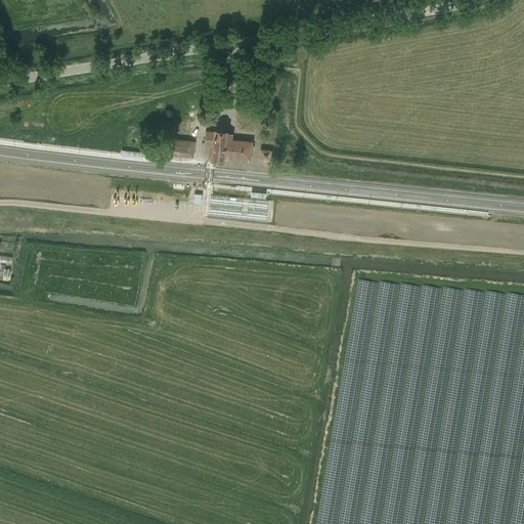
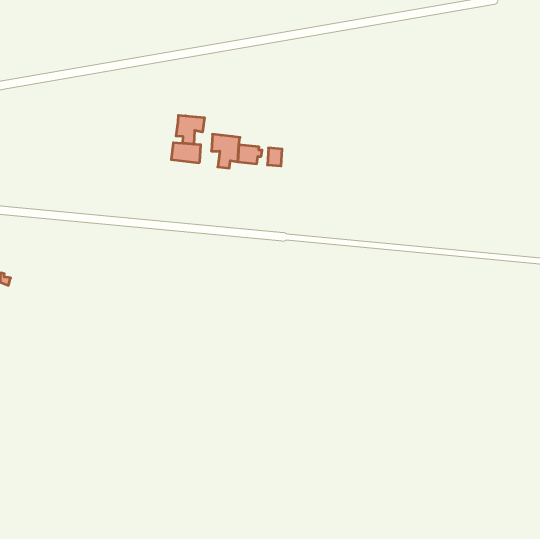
building: none -> [176,115,204,144]

